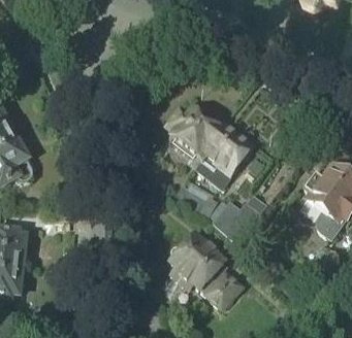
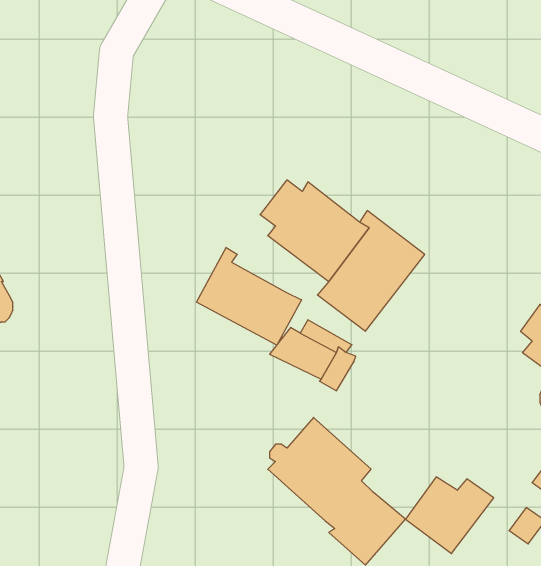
building: none -> [197,247,302,345]
building: [214,200,261,241] -> [406,477,494,554]

